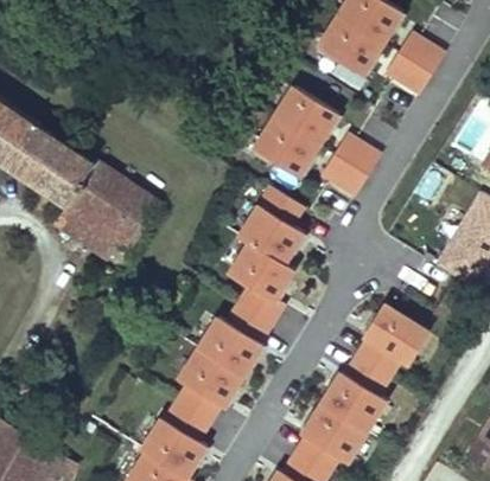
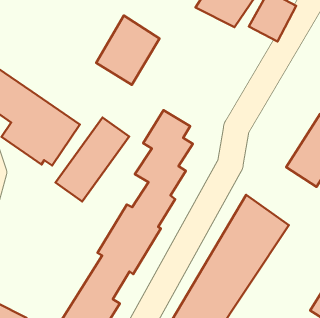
building: [257,89,342,181] -> [96,15,159,85]
building: [322,132,380,193] -> none
building: none -> [55,118,129,201]

